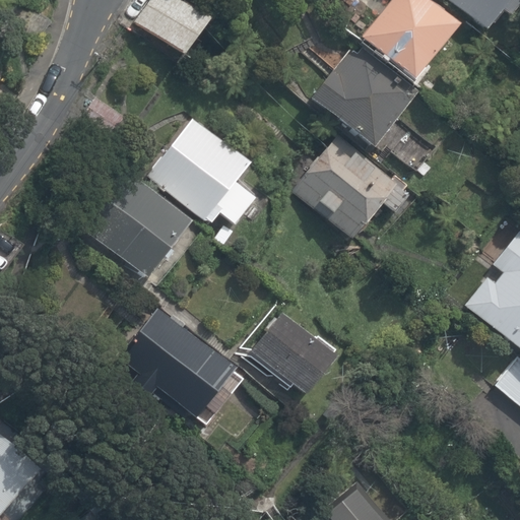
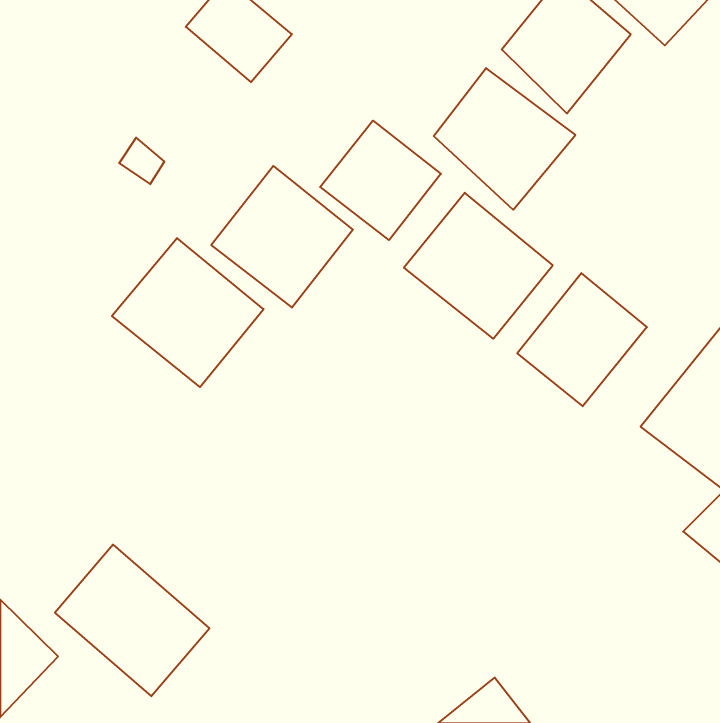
building: none -> [320,121,441,240]
building: none -> [517,273,647,406]
building: [125,306,236,414] -> [55,545,209,696]
building: [251,313,335,394] -> none

